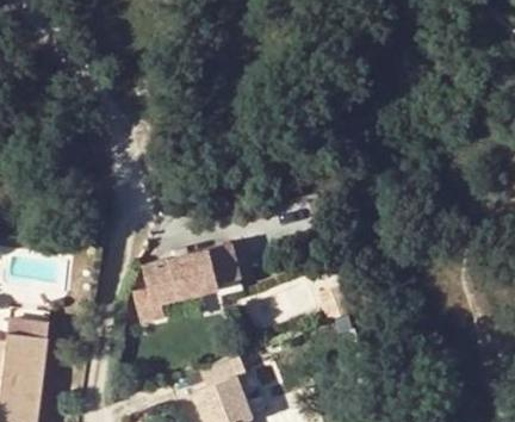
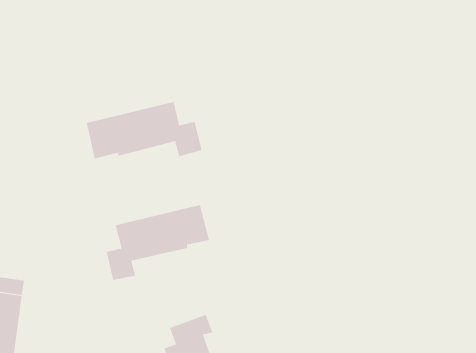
building: none -> [86,101,202,159]

